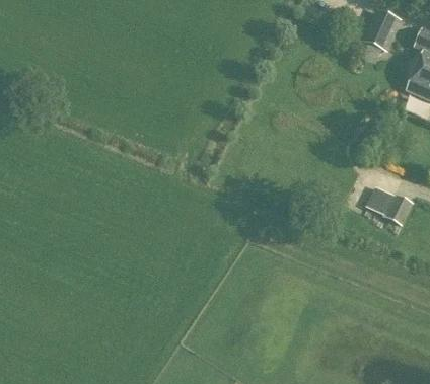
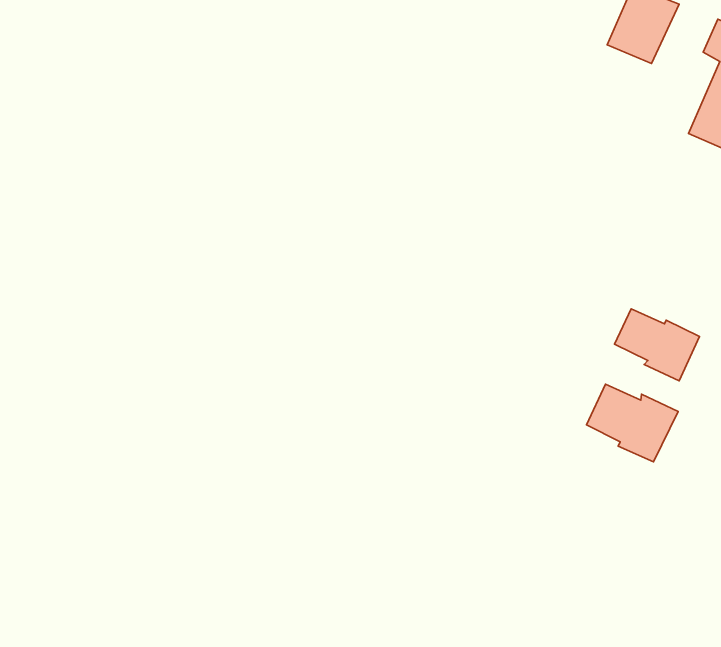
building: none -> [586,384,678,462]

